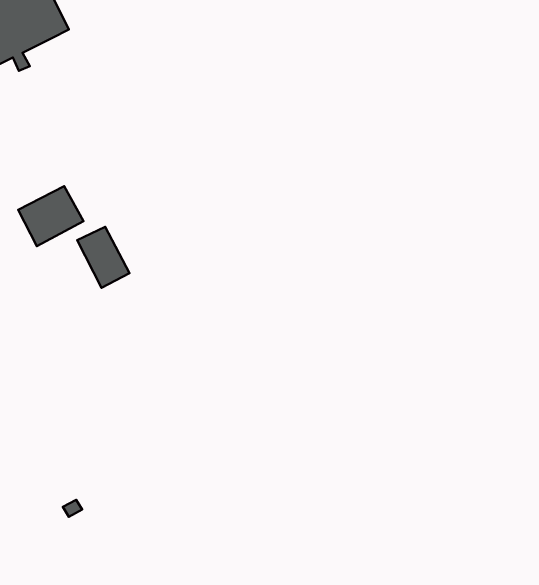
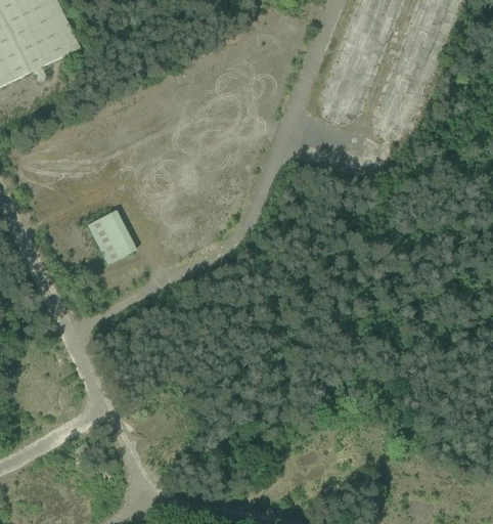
building: [18,186,84,246] -> none

